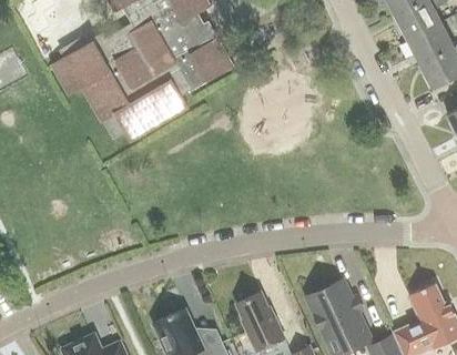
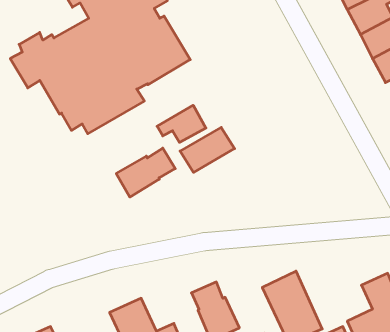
building: none -> [157,105,206,142]
building: none -> [180,127,235,172]
building: none -> [116,148,175,197]

